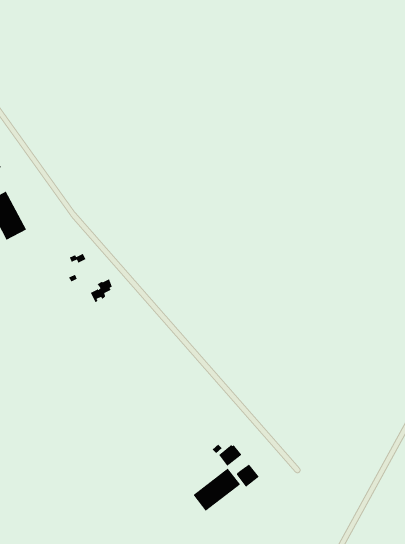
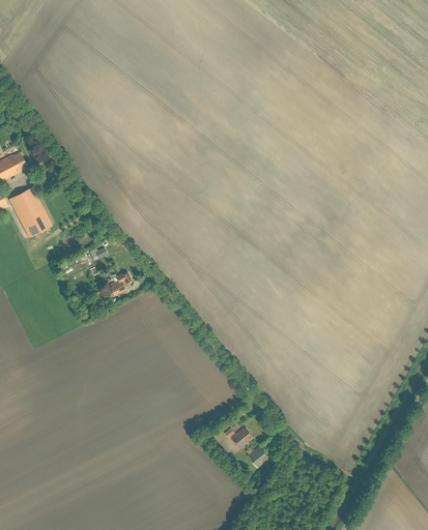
building: [192,468,241,512] -> none

